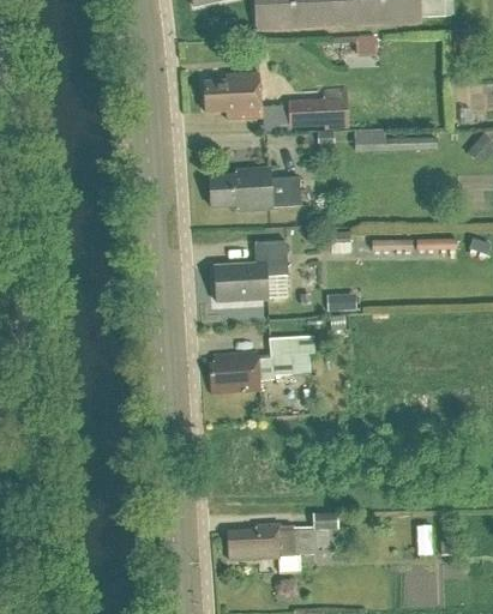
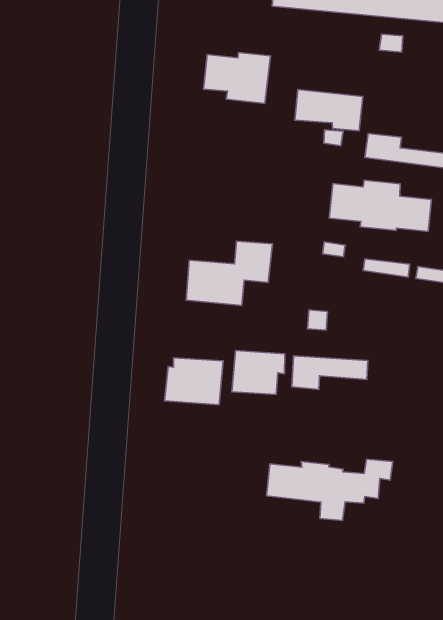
building: [210,165,301,209] -> [329,180,432,231]
building: none -> [292,356,368,390]
building: [228,511,337,571] -> [266,459,393,520]

